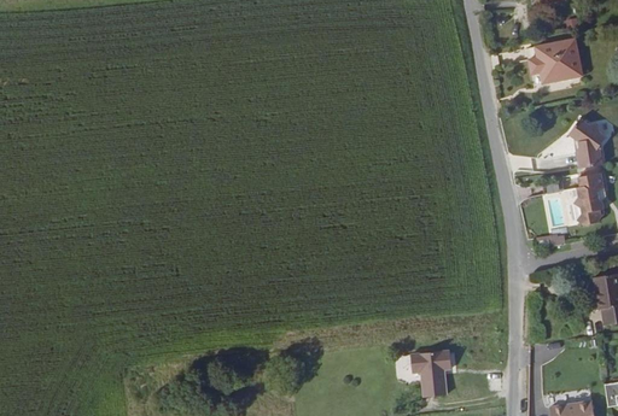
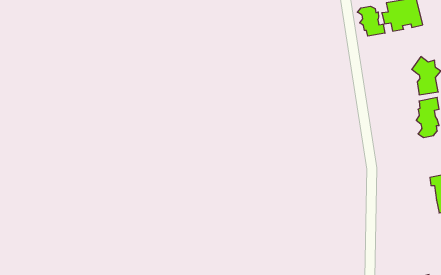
building: none -> [357,6,385,36]
building: [419,350,460,397] -> none

